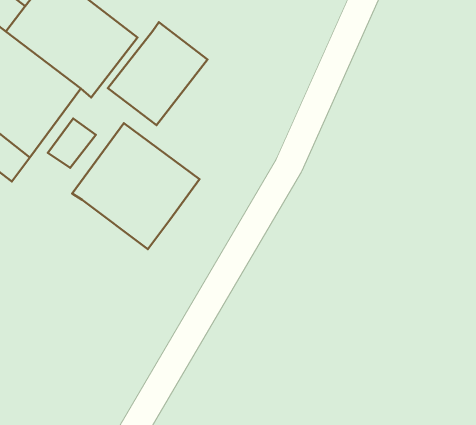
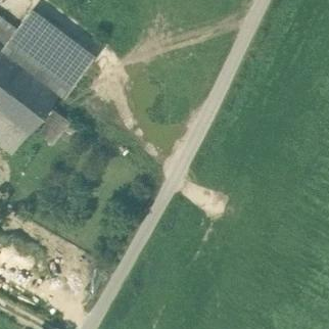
building: [108,22,207,125] -> none
building: [72,123,200,249] -> none

